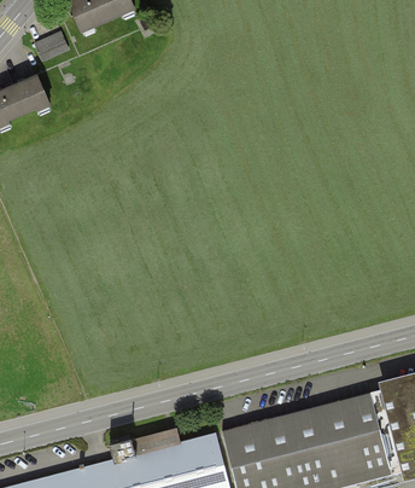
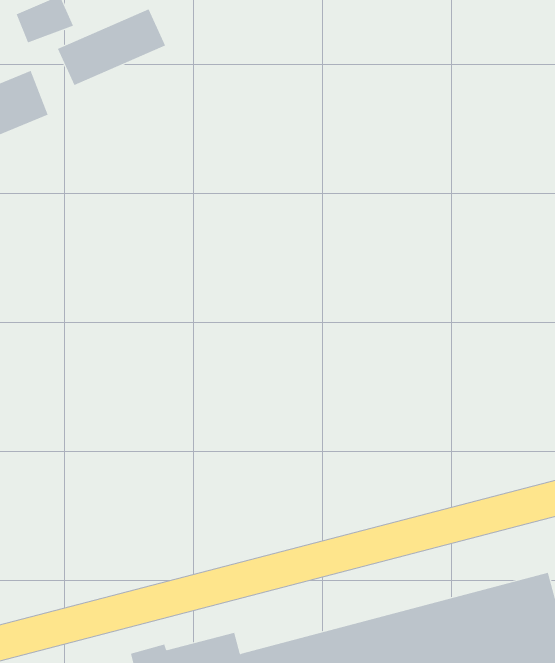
building: none -> [57,9,166,86]

